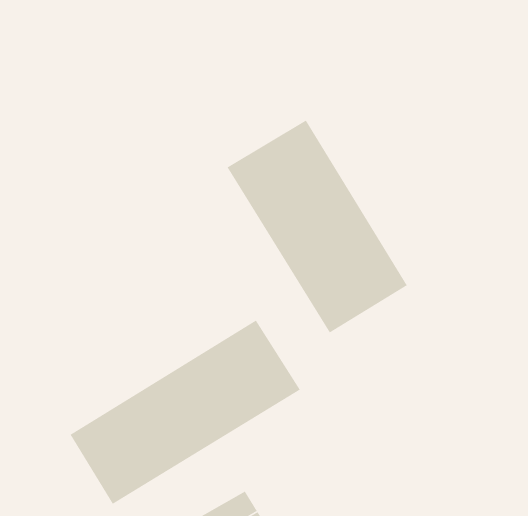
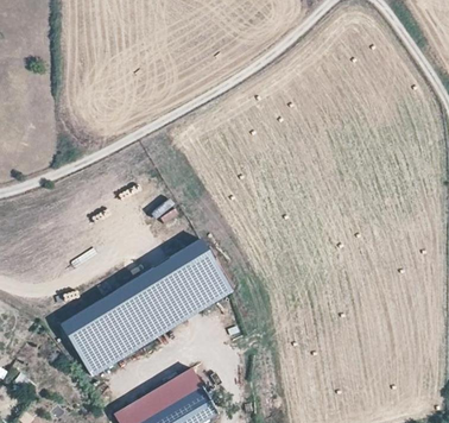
building: [227,120,408,334] -> none

